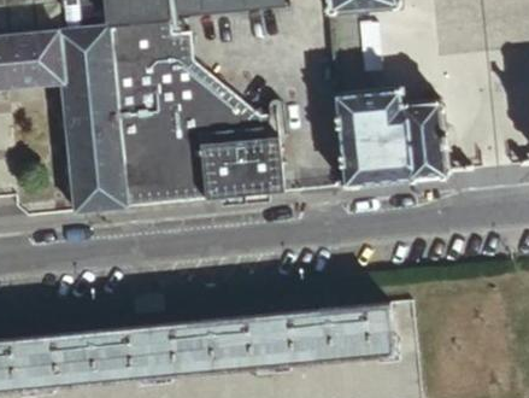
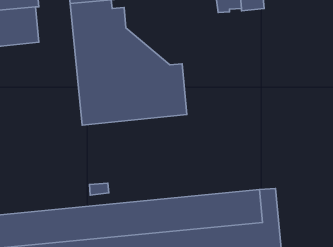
building: [58,24,128,211] -> none
building: [336,88,448,185] -> none

